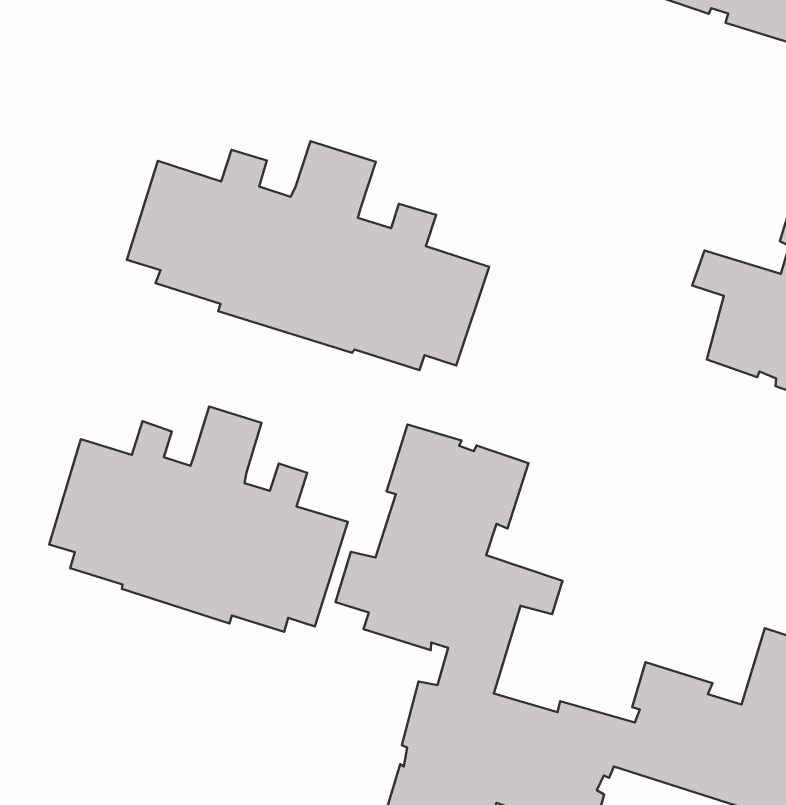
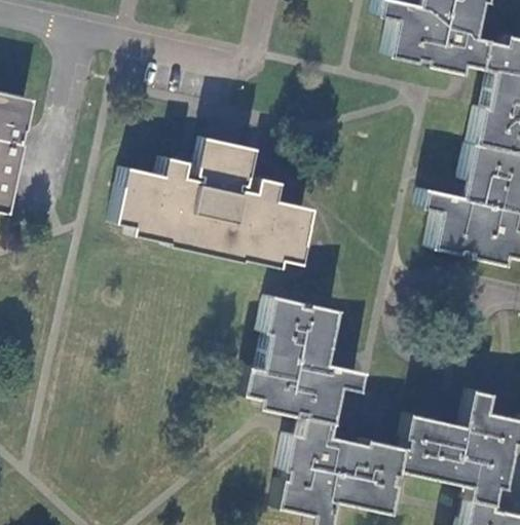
building: none -> [196,137,253,184]
building: [49,406,348,632] -> none

